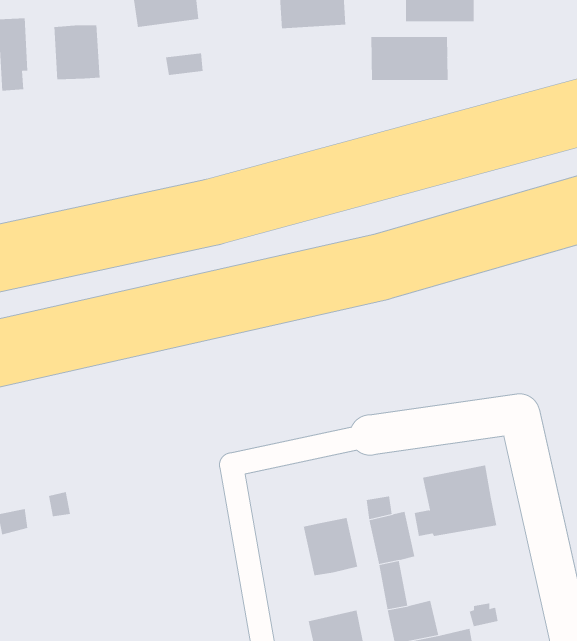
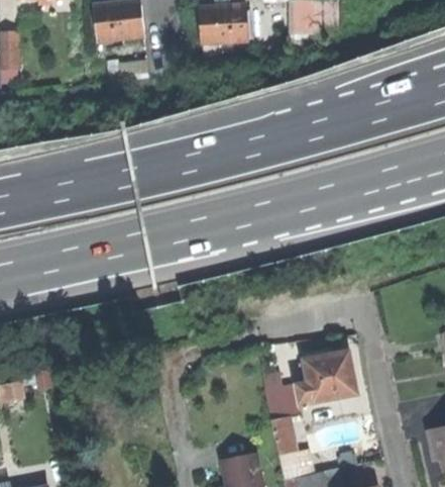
building: [54,24,100,80] -> none
building: [371,36,448,81] -> none
building: [303,517,358,576] -> none

